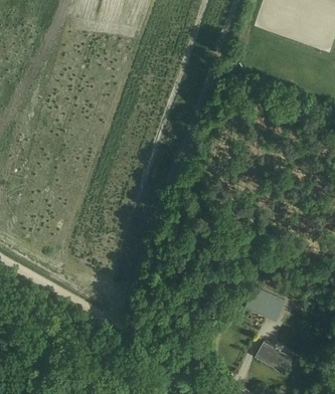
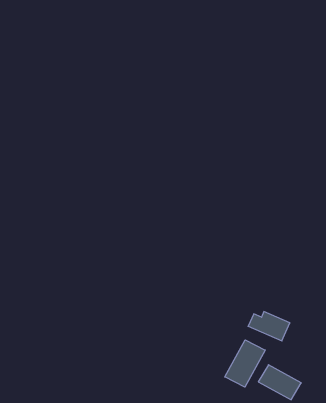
building: none -> [225,340,265,387]

